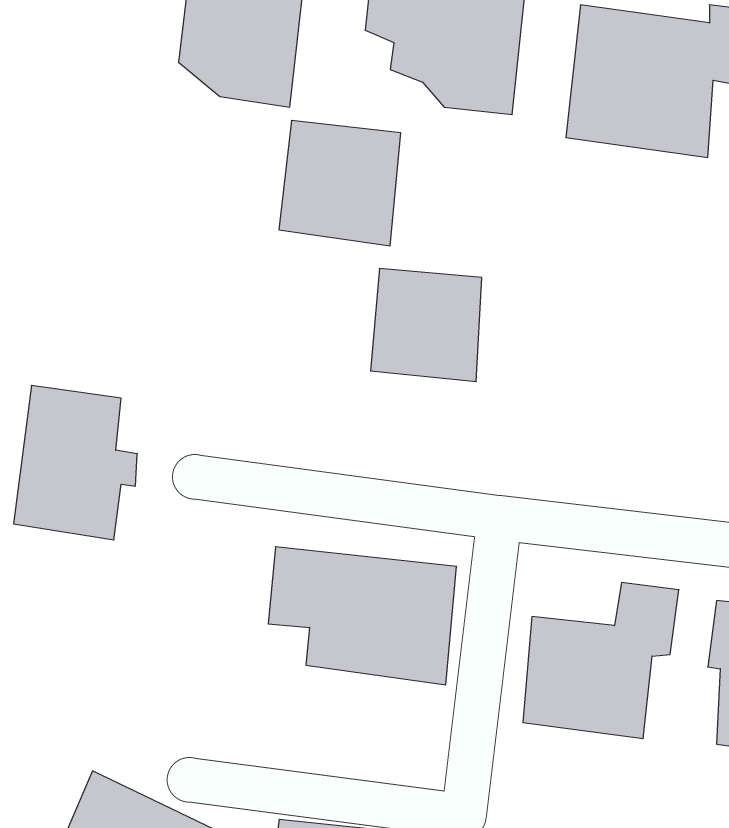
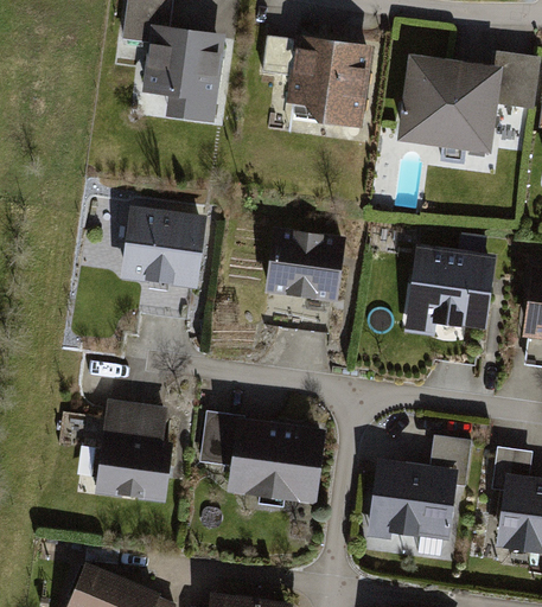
building: [279,120,401,246] -> [122,205,203,288]
building: none -> [404,244,496,343]
building: [14,386,137,540] -> [96,401,178,503]

